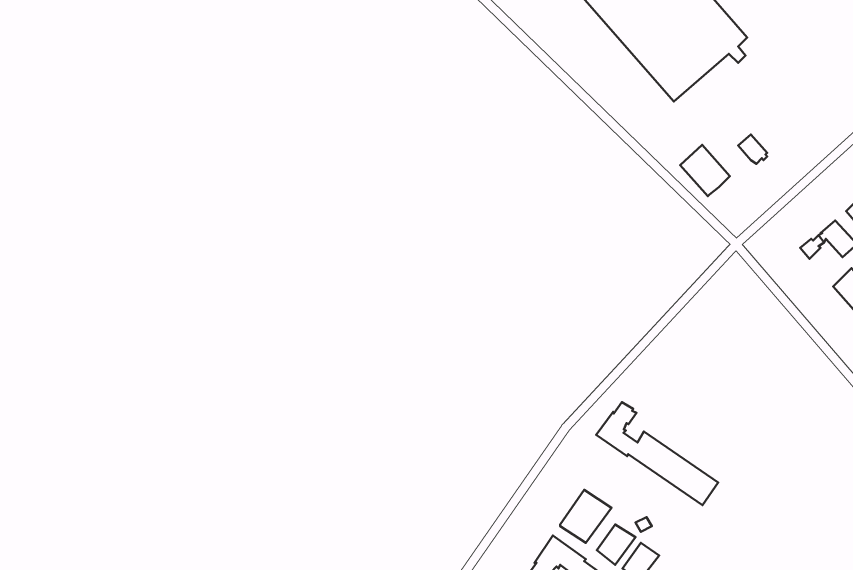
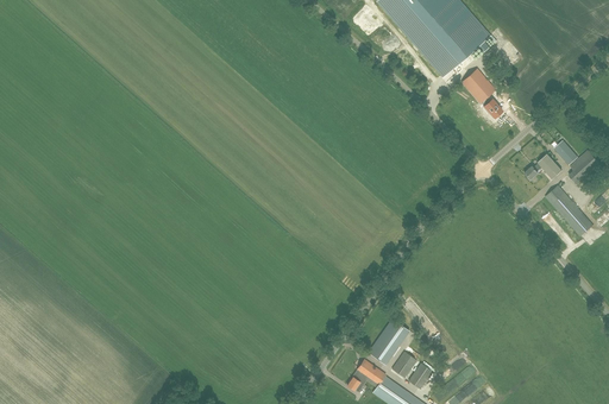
building: [680,145,730,196] -> [463,69,495,102]
building: [596,402,718,505] -> none

